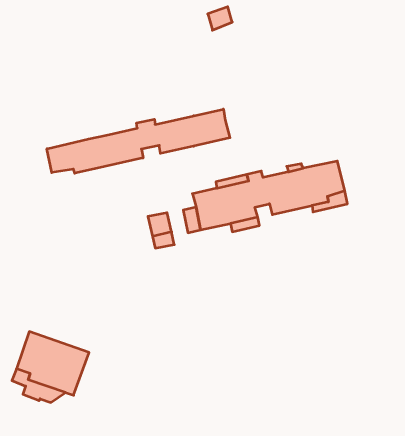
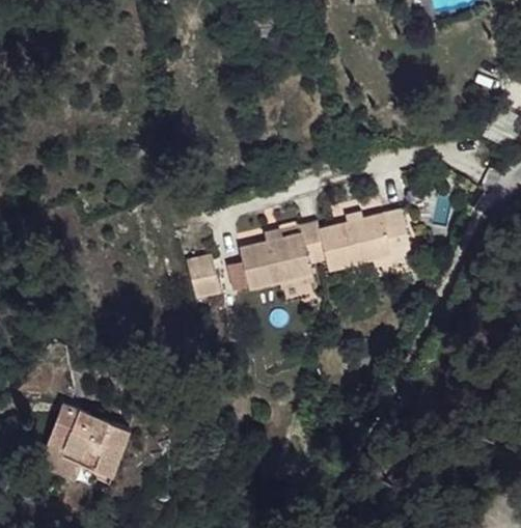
building: [47,109,230,173] -> none

